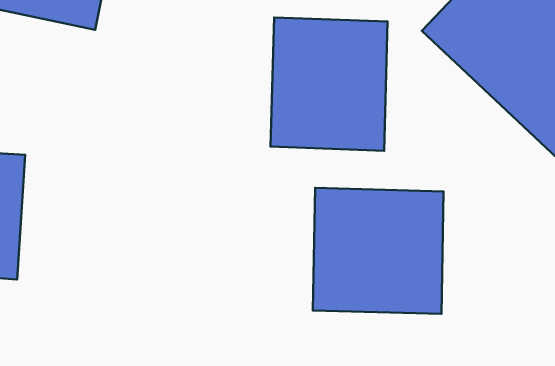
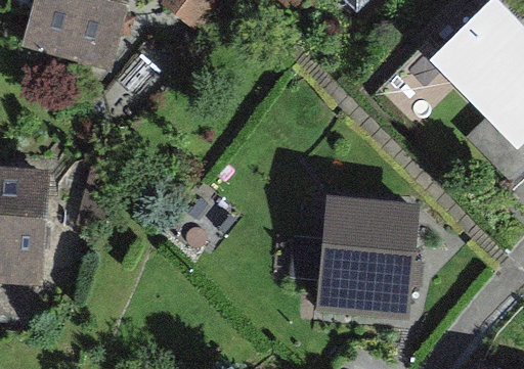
building: [271,17,388,151] -> none

